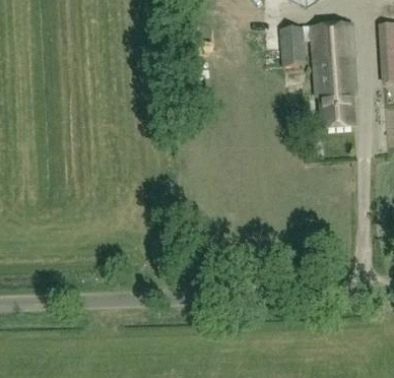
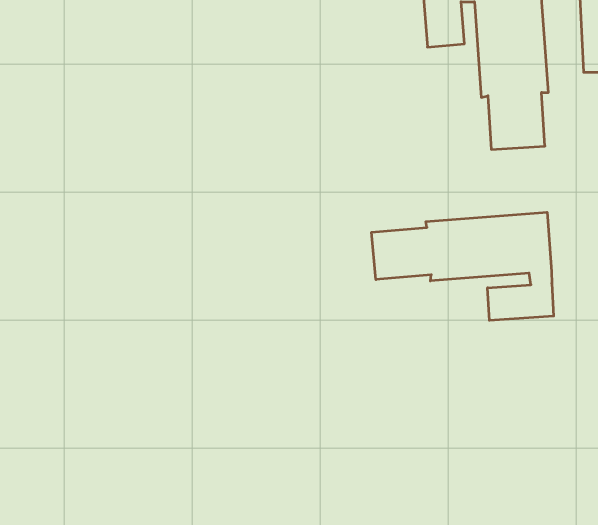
building: none -> [372,212,554,320]

